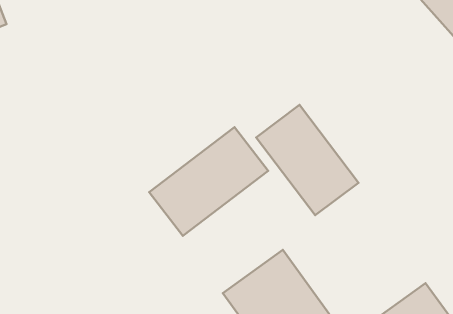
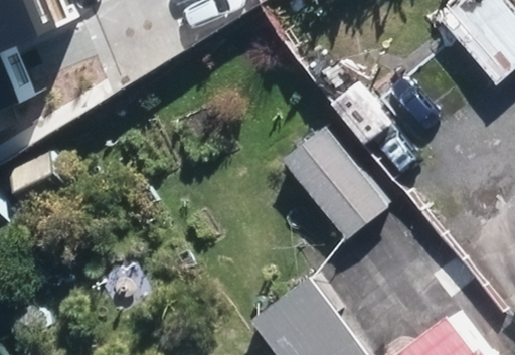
building: [149,127,268,236] -> none

